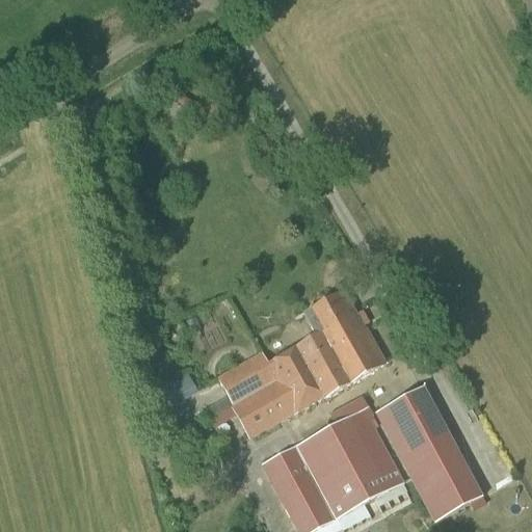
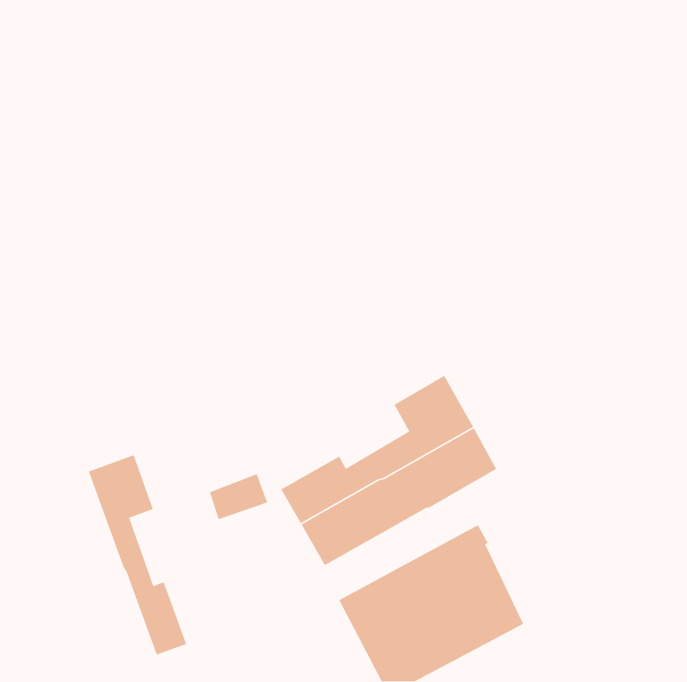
building: none -> [88,454,187,656]
building: [375,382,484,522] -> none

